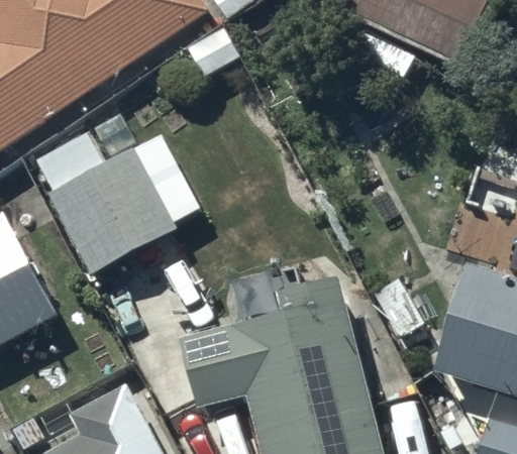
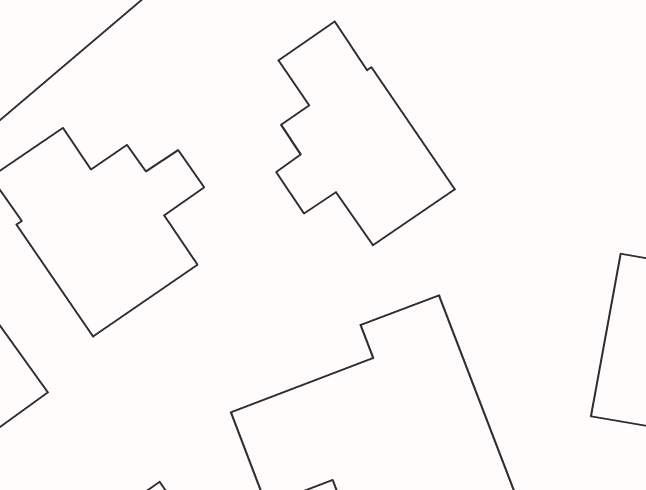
building: none -> [276,21,455,245]

